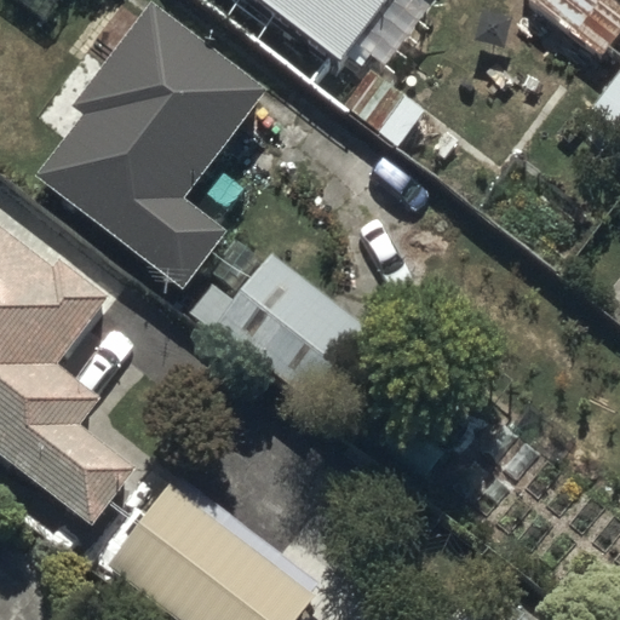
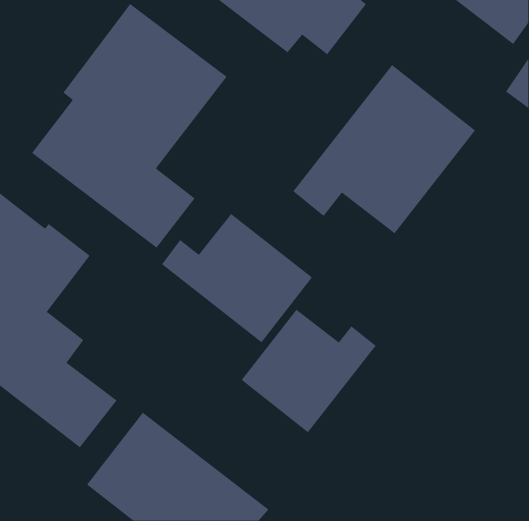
building: none -> [292,64,476,234]
building: none -> [241,309,376,433]

